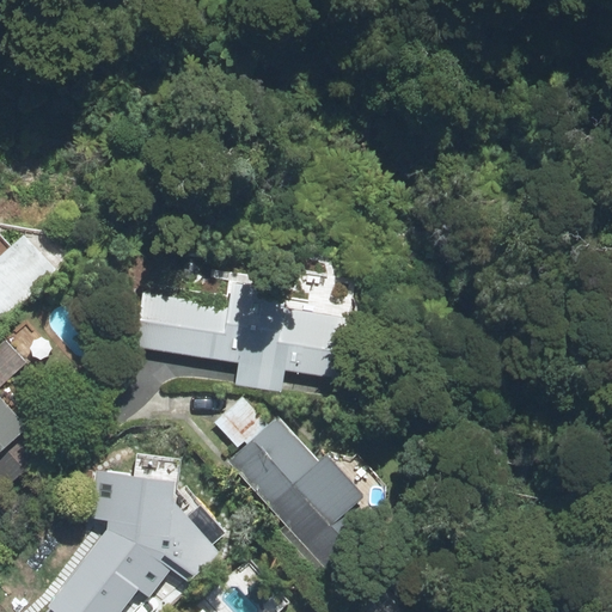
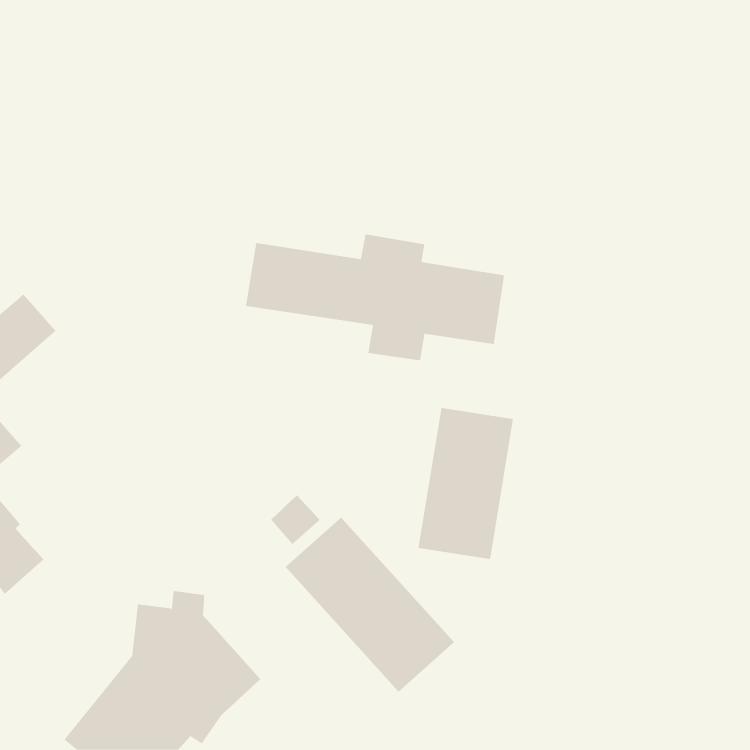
building: [133,284,343,387] -> [245,234,505,361]
building: none -> [418,407,514,560]

